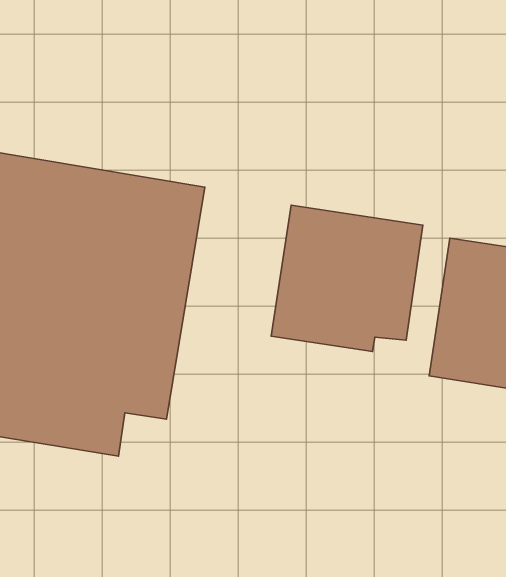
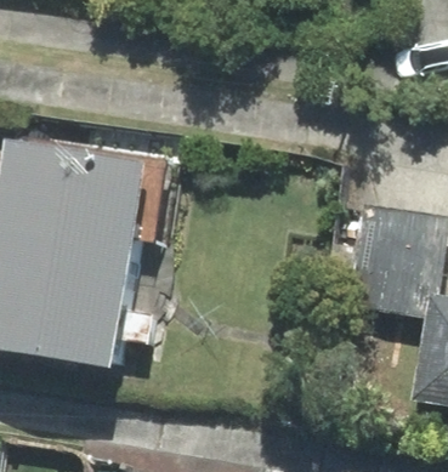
building: [271,205,423,351] -> none

